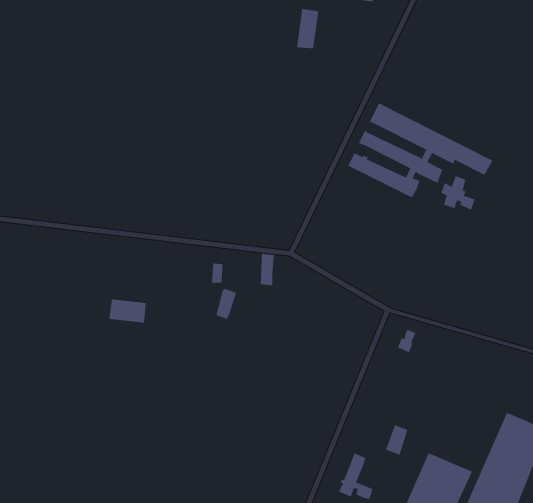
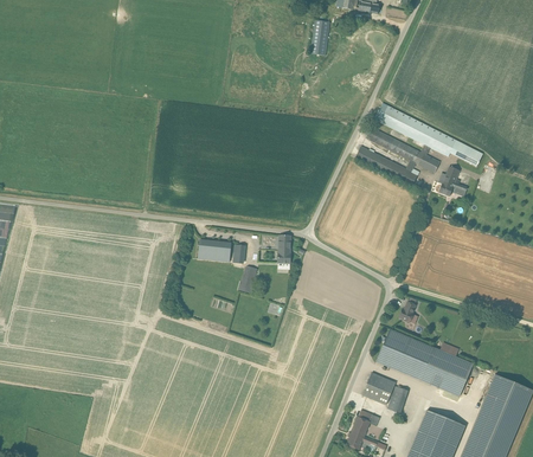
building: [109,299,146,323] -> [198,240,231,262]
building: none -> [374,328,474,395]
building: none -> [362,373,396,404]

